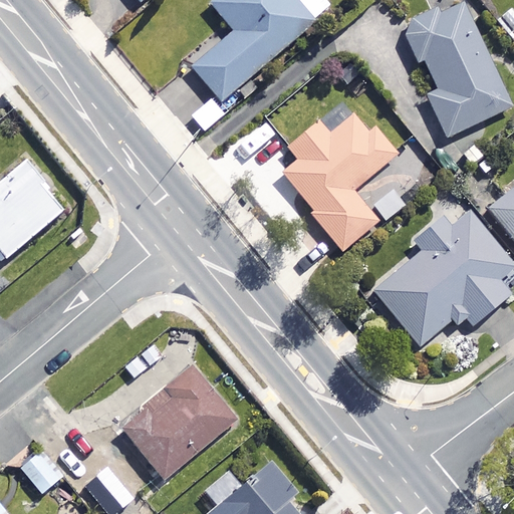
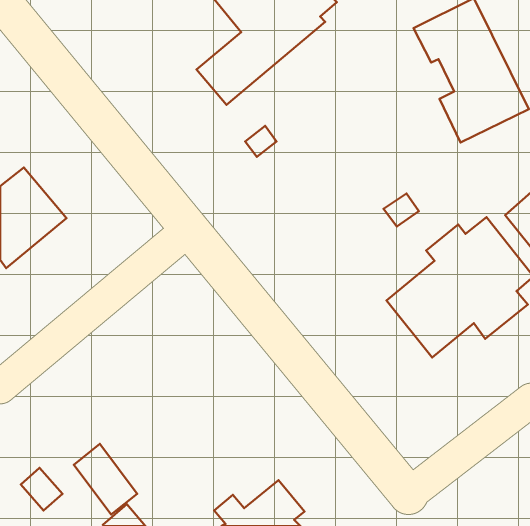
building: [283,109,397,250] -> none
building: [118,367,235,481] -> none

